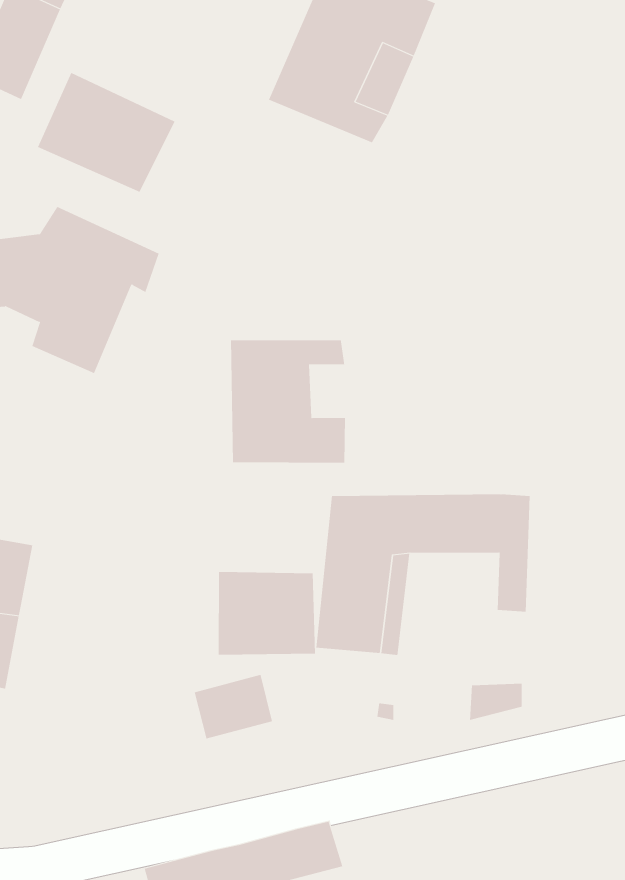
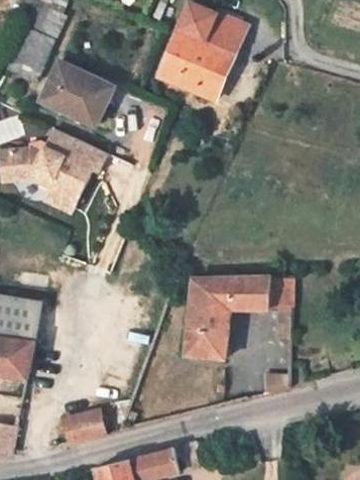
building: [231,339,346,463] -> none
building: [218,571,316,655] -> none
building: [194,674,273,739] -> [65,409,105,443]

